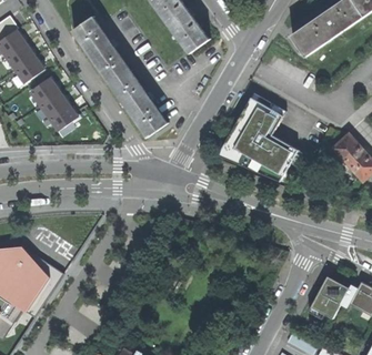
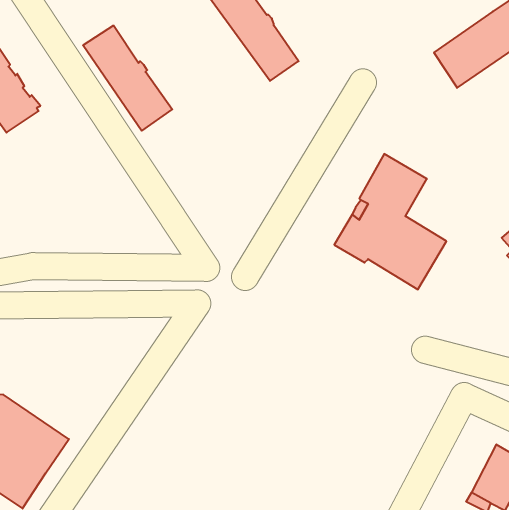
building: [108,69,164,135] -> none
building: [29,78,80,132] -> none

